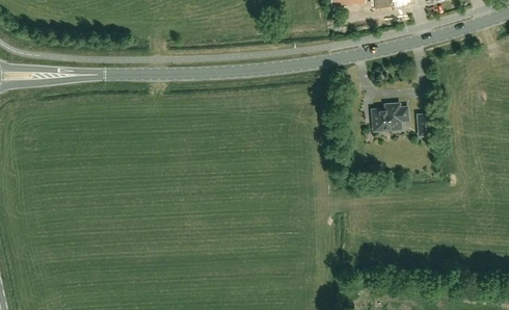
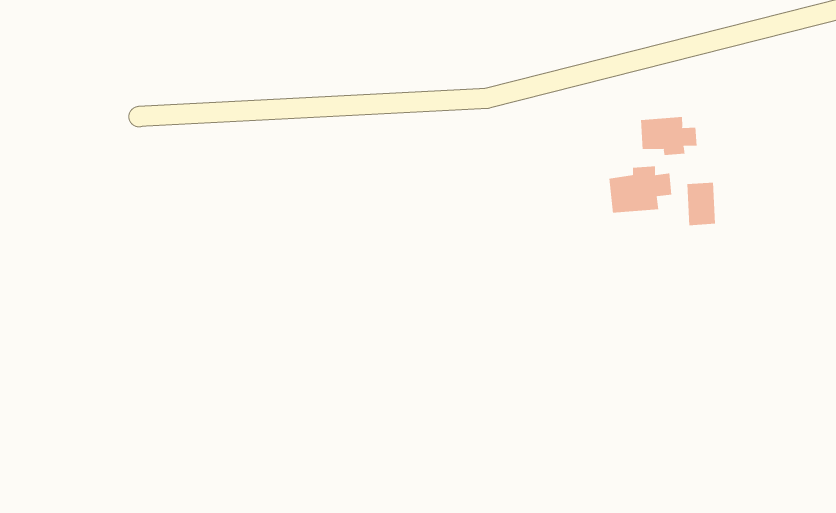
building: none -> [641,116,697,156]

